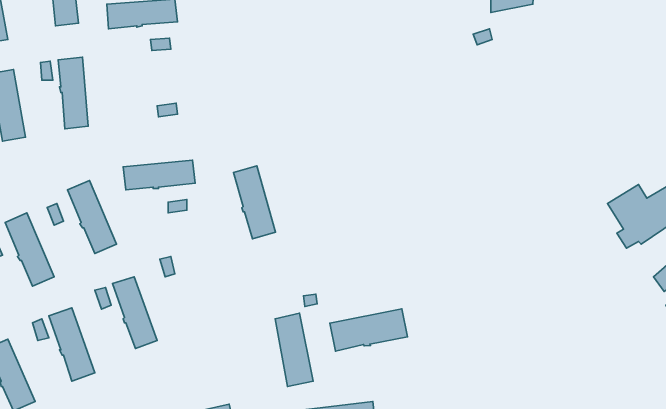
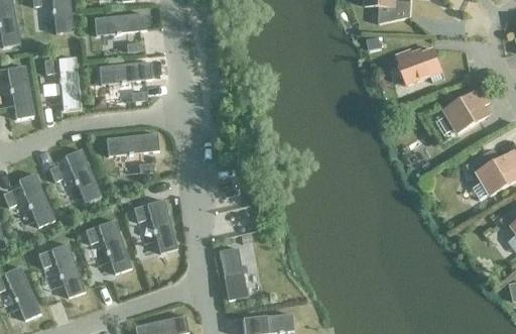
building: none -> [396,48,444,85]
building: none -> [99,62,151,85]
building: none -> [436,88,490,136]
building: [234,166,276,239] -> [146,199,177,253]
building: [330,309,407,351] -> none

